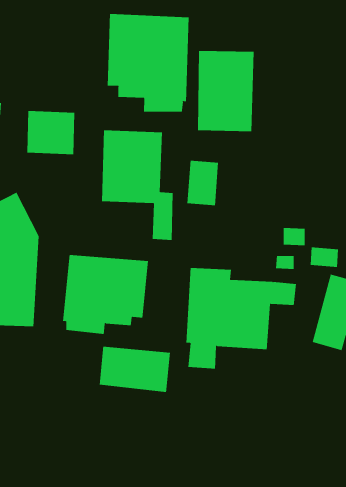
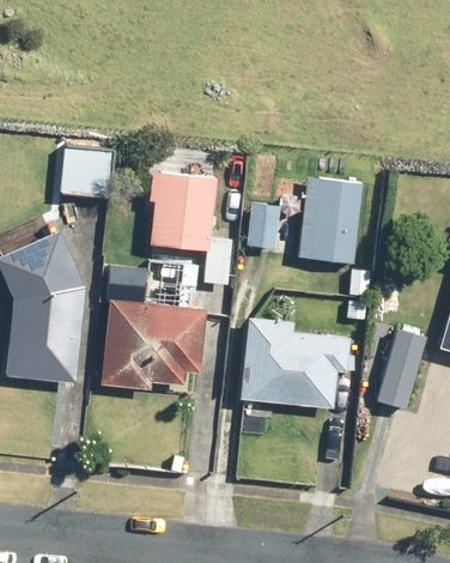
building: [107,13,189,113] -> none
building: [197,51,254,132] -> [297,177,360,267]
building: [99,346,171,393] -> none

